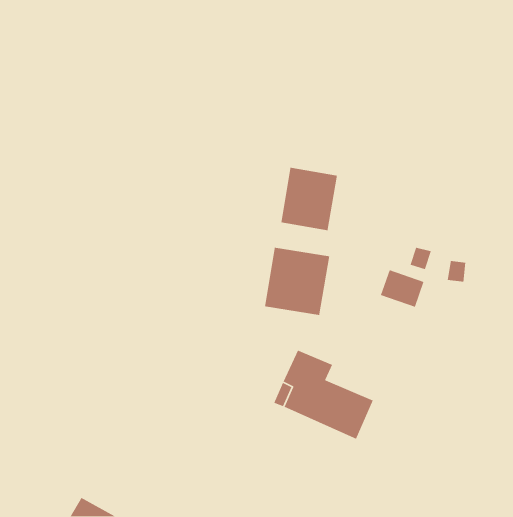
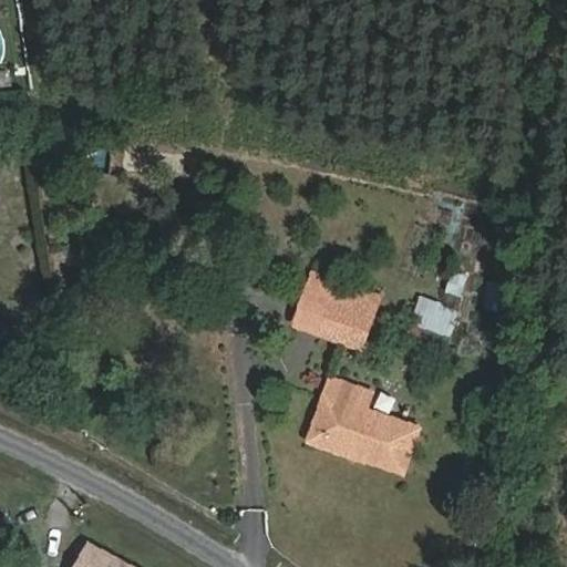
building: [280,167,338,231] -> none

